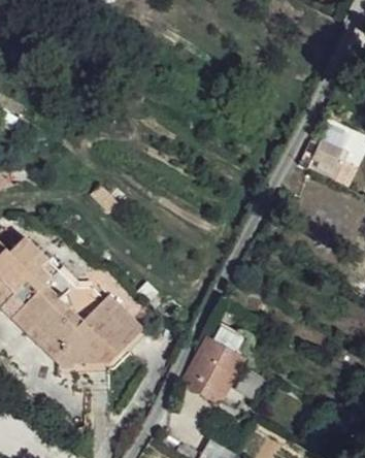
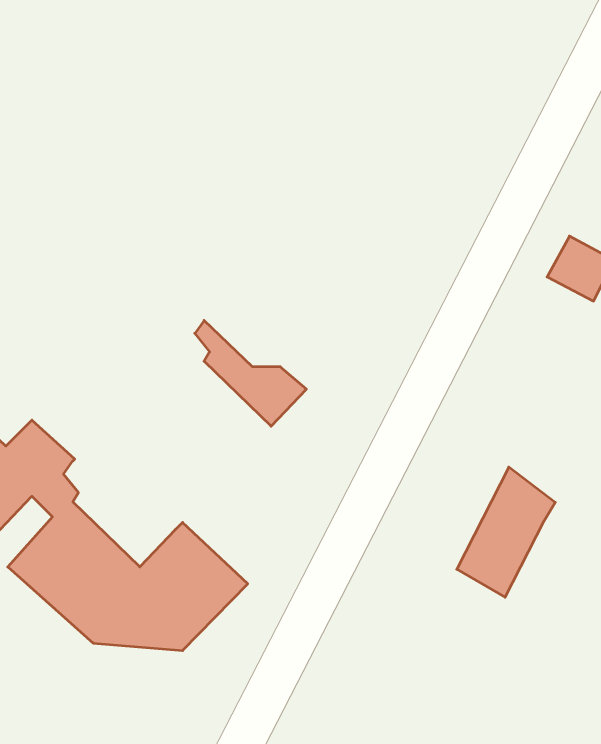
building: [42,264,104,323] -> [195,320,306,426]
building: [190,321,244,393] -> [457,467,555,597]

